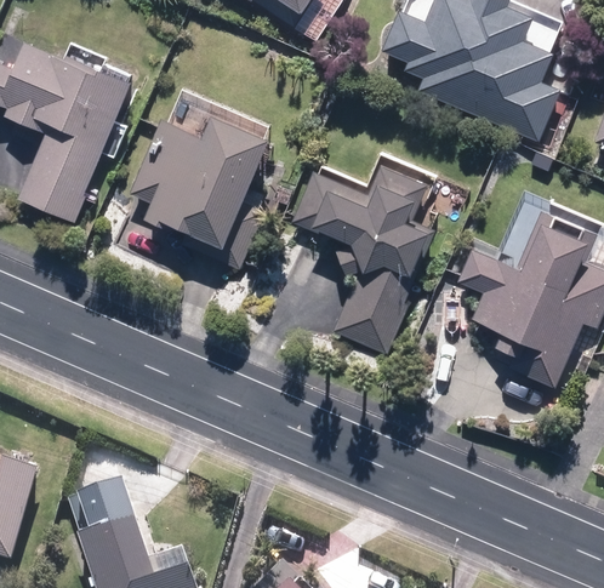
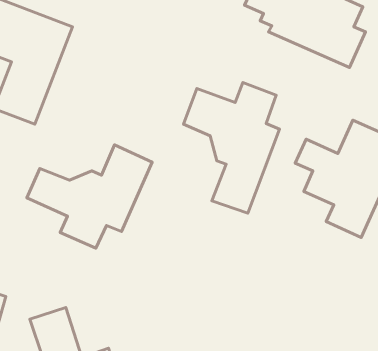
building: [130,112,272,268] -> none
building: none -> [27,145,152,248]

